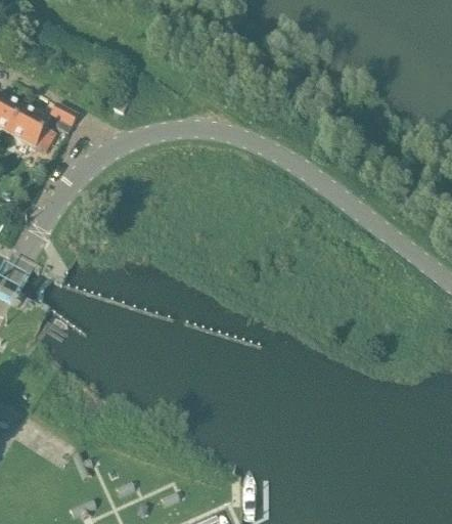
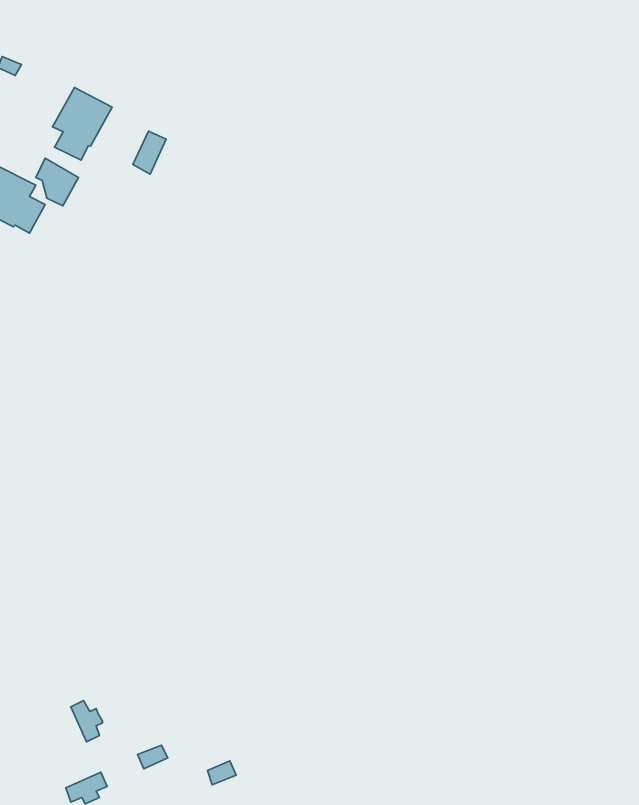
building: none -> [53,88,112,160]

